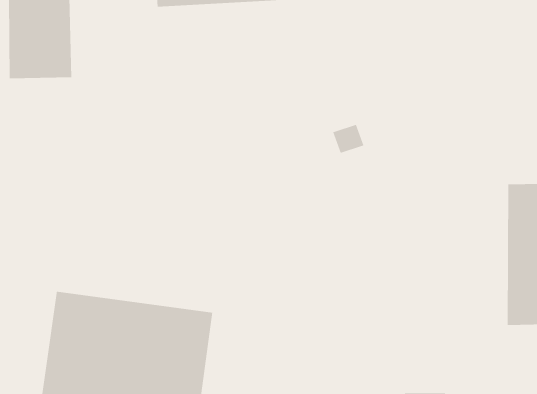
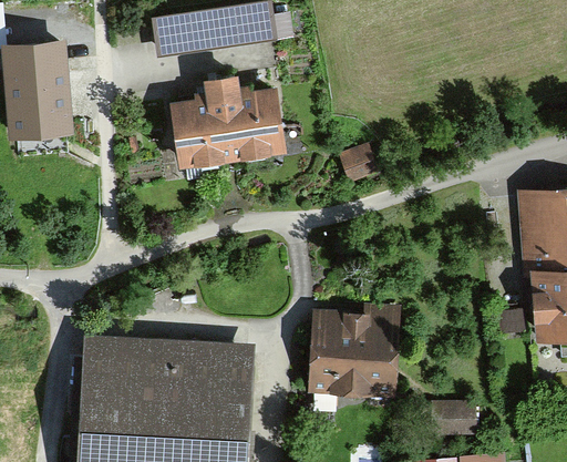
building: none -> [159,81,277,168]
building: none -> [311,319,395,398]

